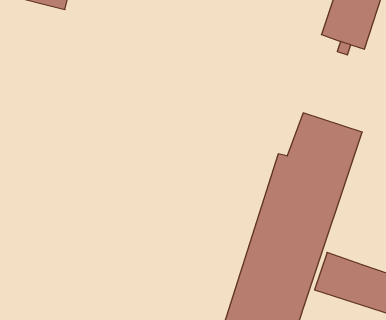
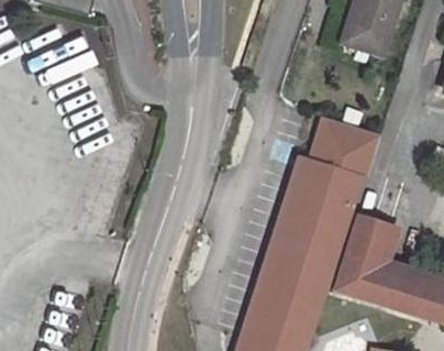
building: none -> [345,217,391,264]

